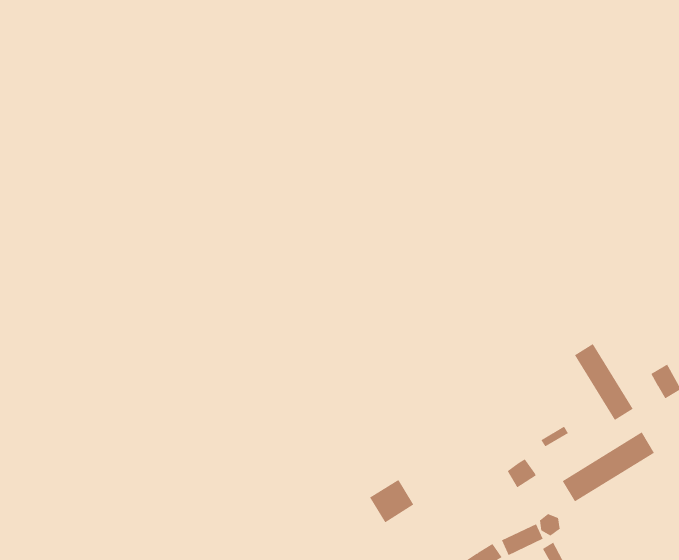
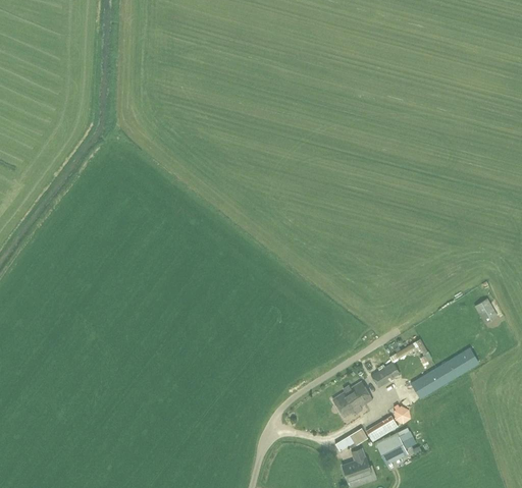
building: [574,343,633,421] -> none
building: [369,479,414,523] -> [333,386,366,418]

